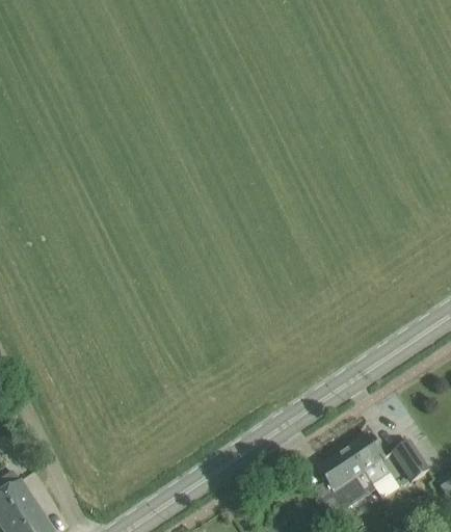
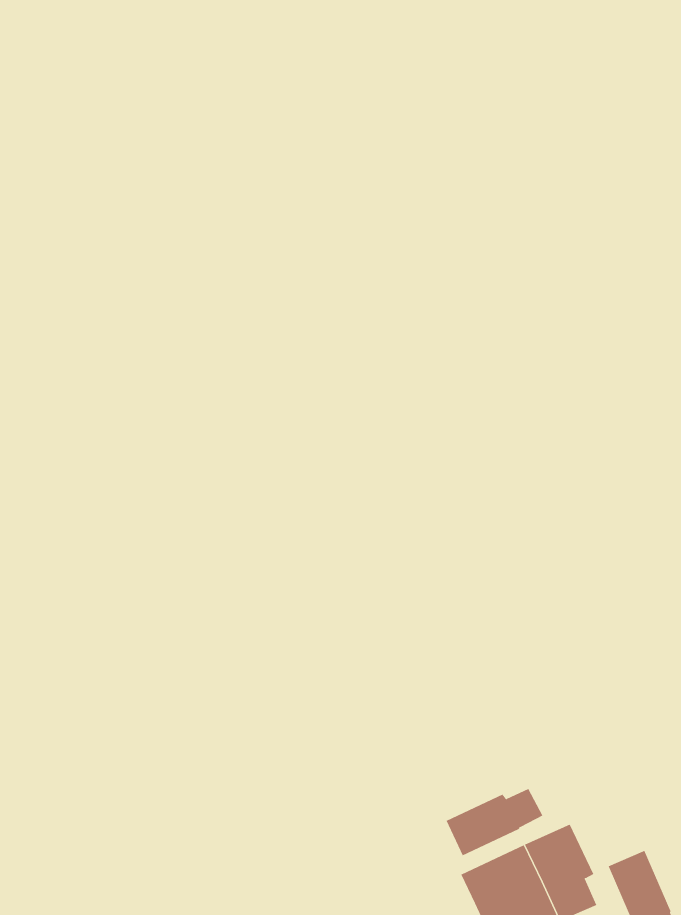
building: none -> [446,788,543,856]

